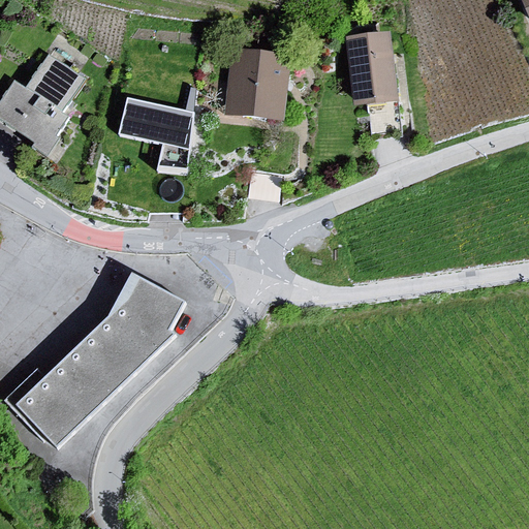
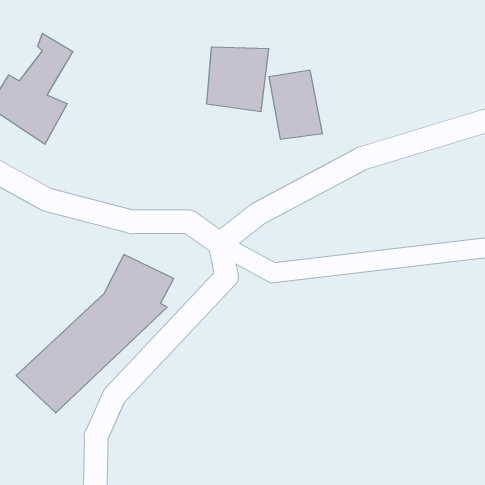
building: [344,30,402,104] -> [269,70,323,139]
building: [112,91,187,165] -> none

